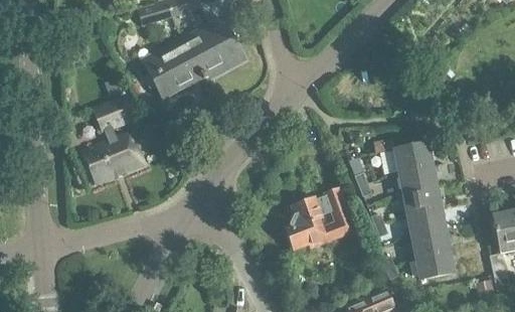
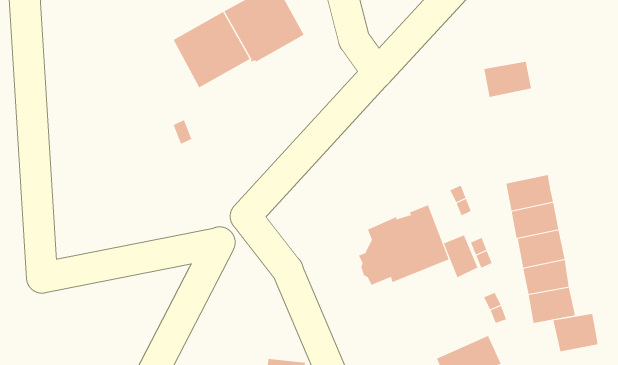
building: [82,95,143,184] -> none
building: [394,143,432,171] -> [483,61,532,98]
building: none -> [443,235,478,278]
building: none -> [553,313,598,352]

